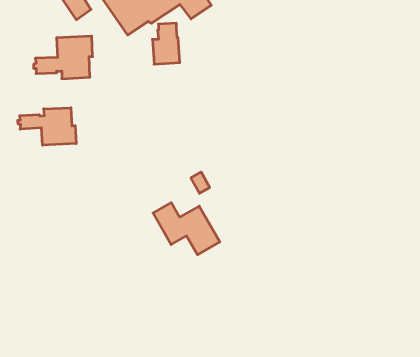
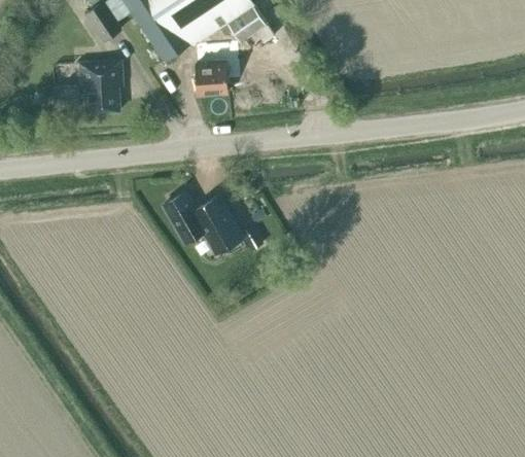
building: [18,108,76,145] -> none
building: [153,203,220,255] -> [163,192,243,255]

